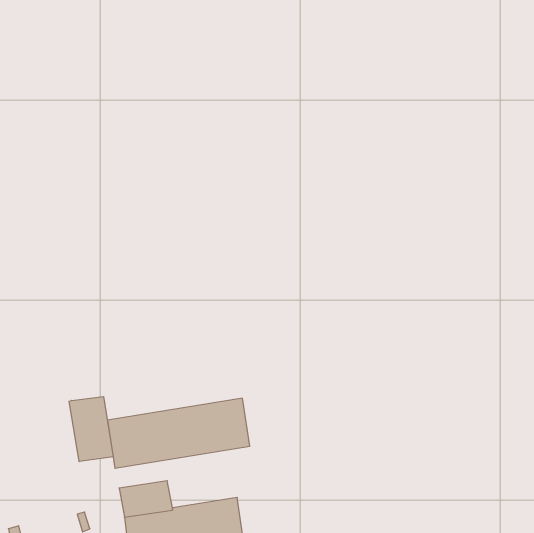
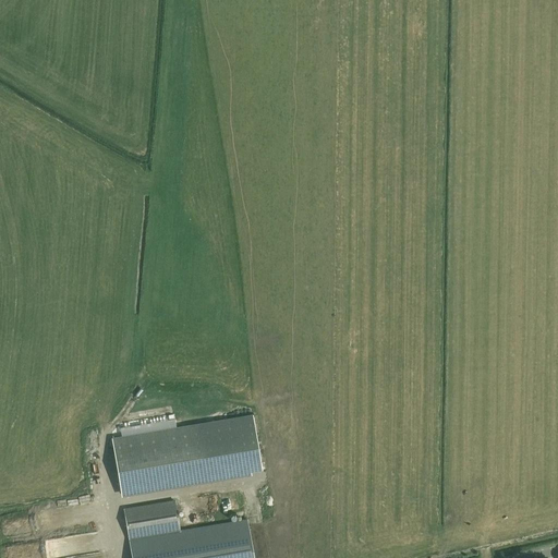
building: [69,397,113,462] -> none

